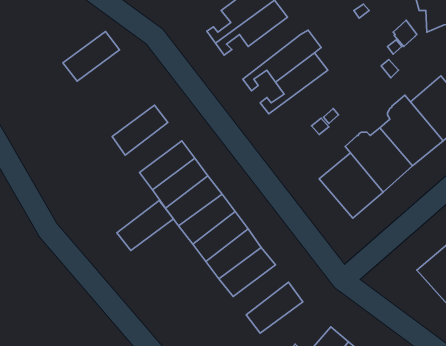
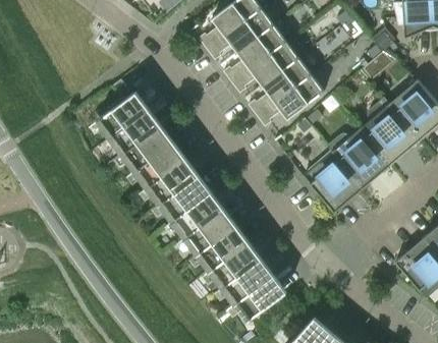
building: none -> [223,24,286,82]
building: [63,31,120,81] -> [97,90,150,136]
building: none -> [257,74,325,126]
building: [117,200,173,250] -> [122,123,175,170]
building: none -> [223,256,275,303]

